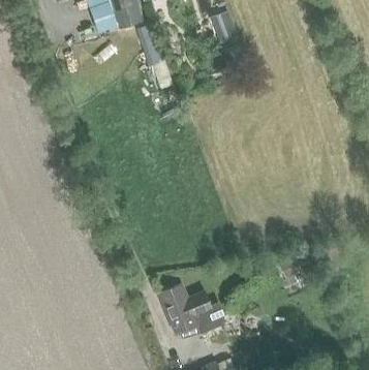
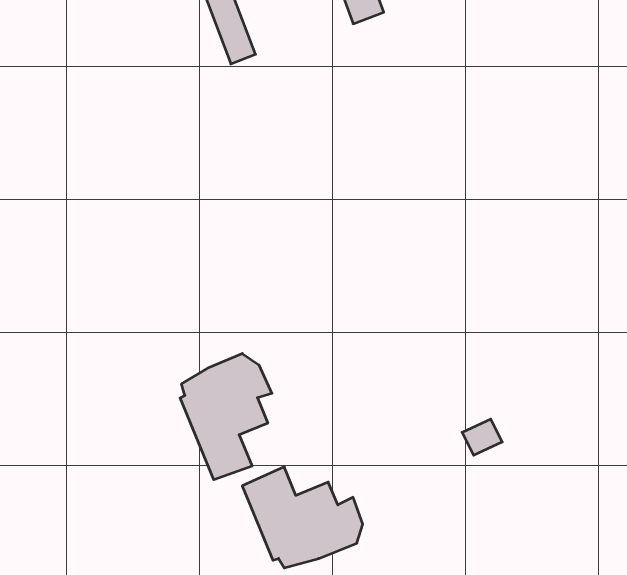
building: none -> [180,353,272,480]

